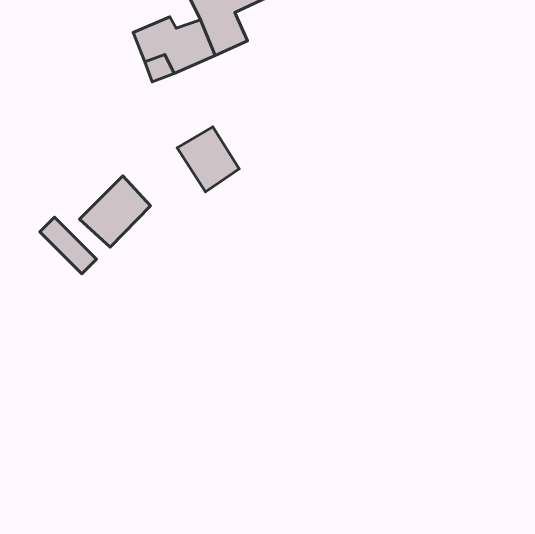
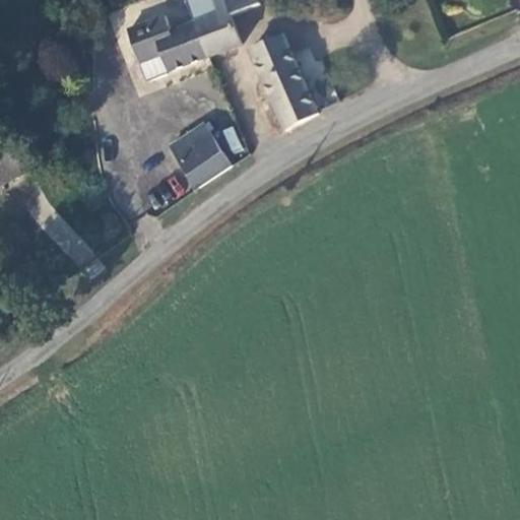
building: none -> [249,31,318,130]
building: [80,176,150,247] -> none

